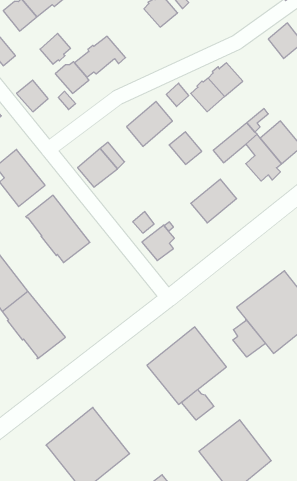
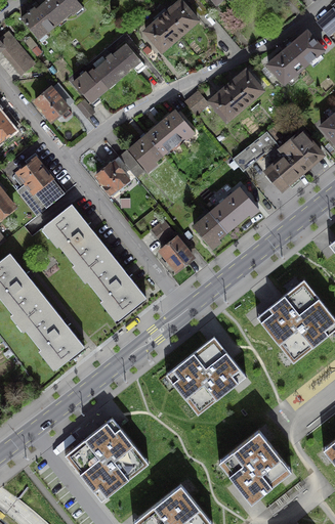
building: none -> [145,16,179,50]
building: [40,33,70,64] -> none
building: none -> [267,47,303,83]
building: [169,132,202,164] -> [129,135,162,168]
building: none -> [194,212,226,246]
building: none -> [82,251,145,318]
building: [233,319,265,357] -> none
building: [182,390,214,420] -> none

